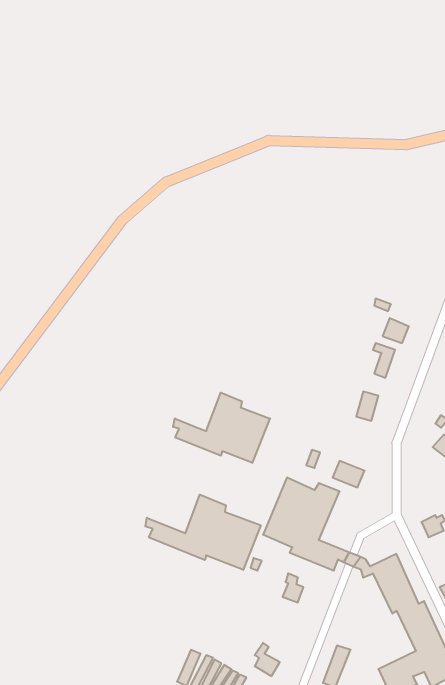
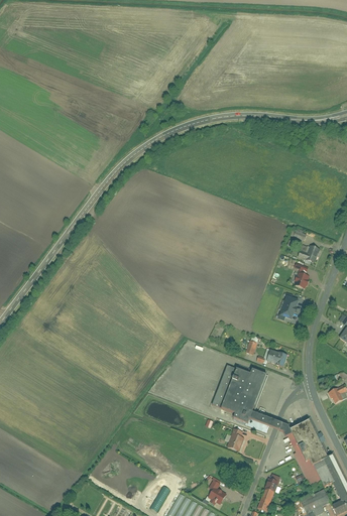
building: [173,393,270,463] -> none
building: [145,495,261,570] -> none

